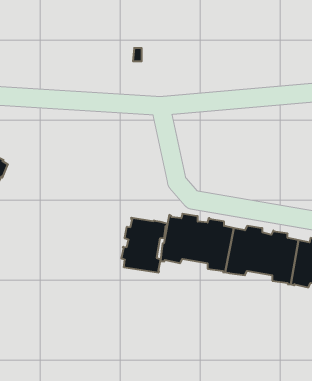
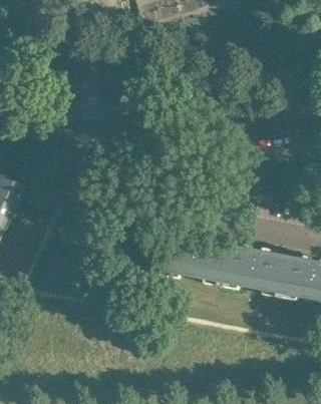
building: [122,218,167,273] -> none

